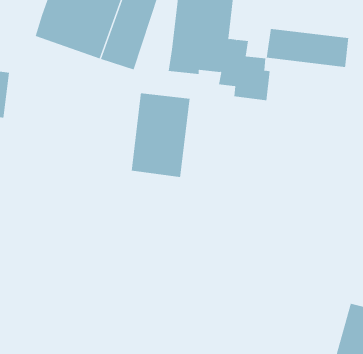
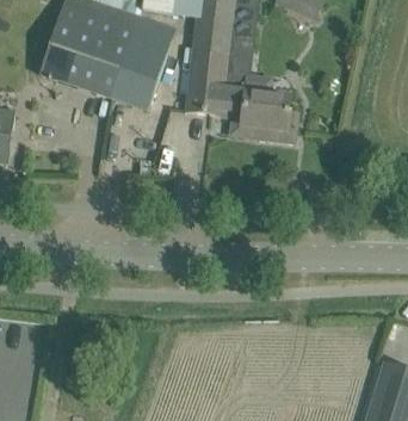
building: [266,28,349,68] -> none
building: [131,92,190,178] -> none

